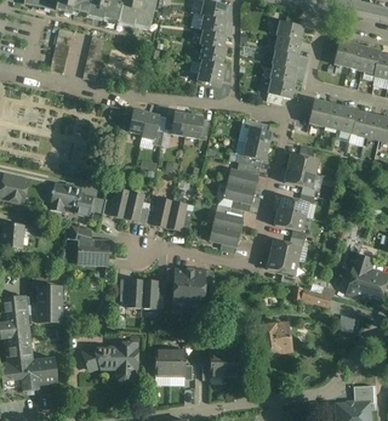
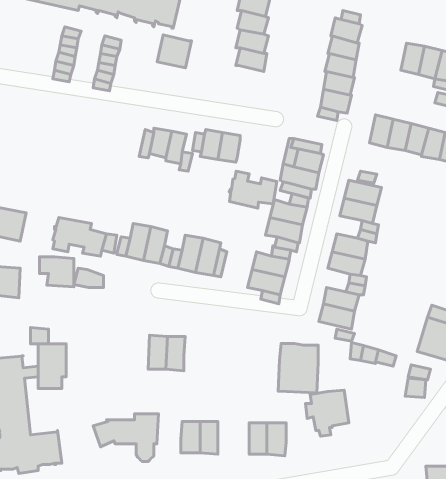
building: [196,58,224,85] -> [157,35,191,68]
building: none -> [229,171,277,208]
building: [79,239,107,263] -> [40,257,74,287]
building: [172,267,205,307] -> [278,344,318,393]

